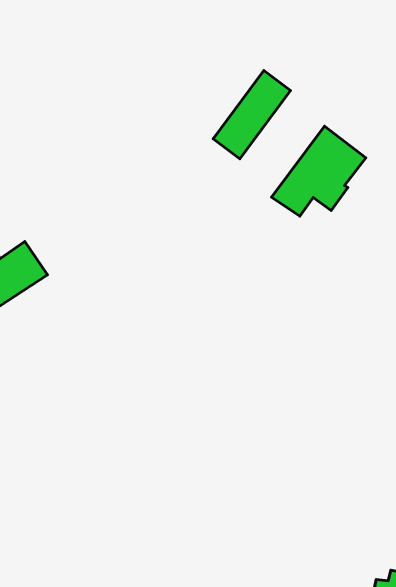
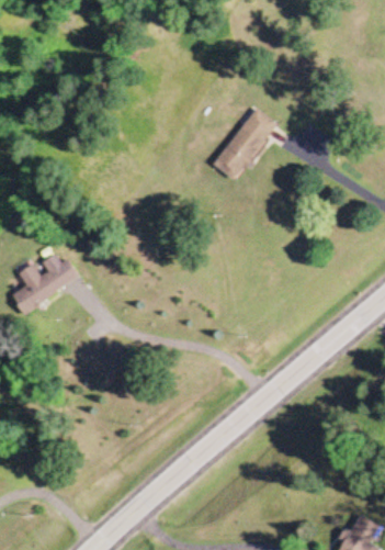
building: [272,126,366,216] -> none

